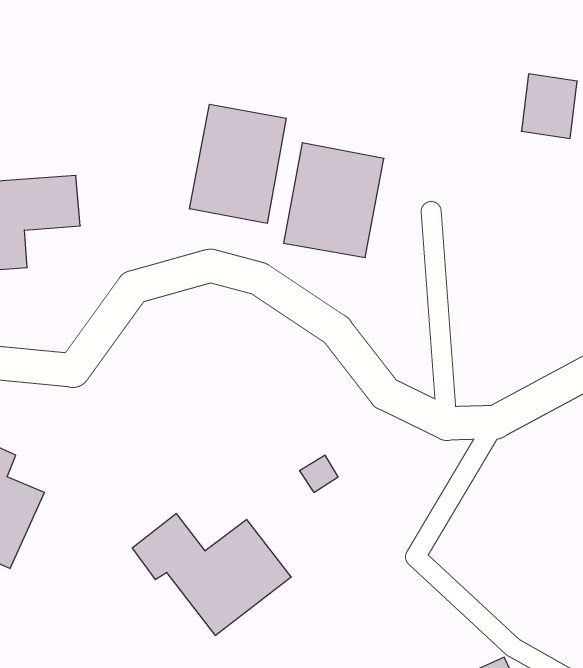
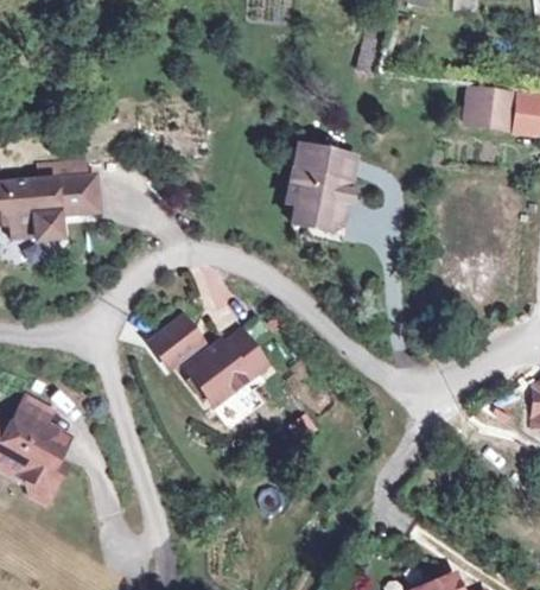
building: [190,104,286,223] -> none
building: [132,514,291,635] -> [147,311,279,412]

